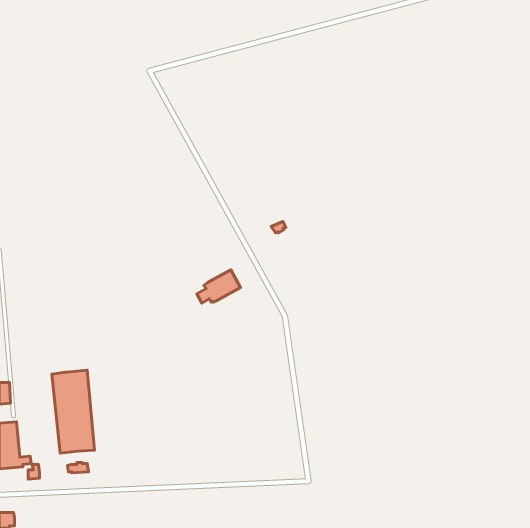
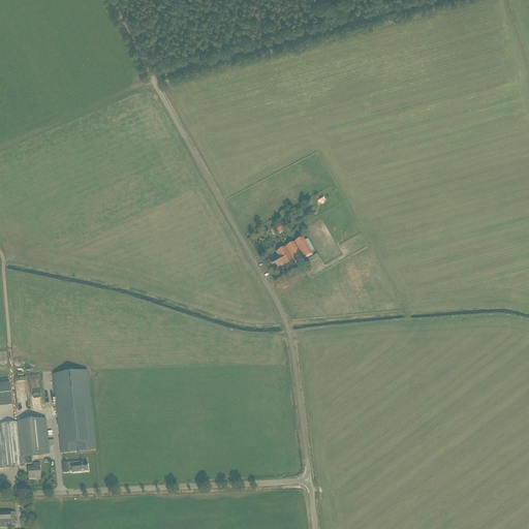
building: [197,270,240,303] -> [268,235,311,268]
building: none -> [17,416,49,455]

